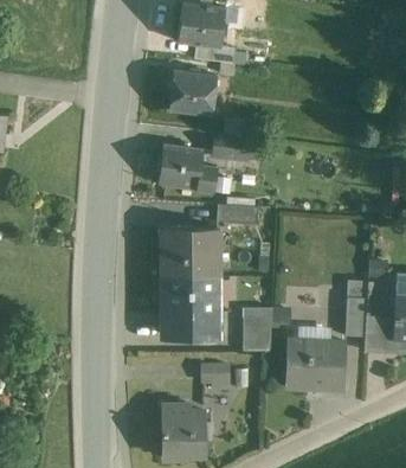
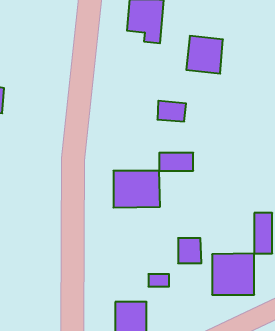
building: [167,65,215,115] -> [186,36,223,74]
building: [160,142,217,190] -> none
building: [159,276,220,338] -> none

